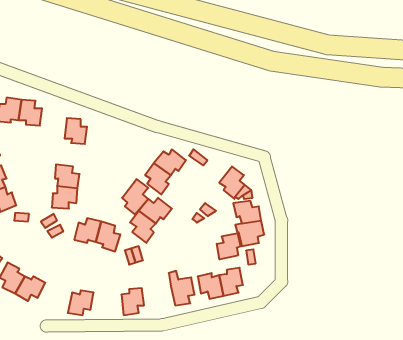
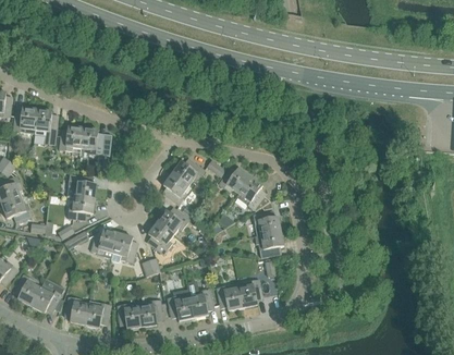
building: none -> [58,125,83,150]
building: none -> [218,168,250,193]
building: [122,179,148,215] -> none
building: [217,233,241,259] -> none
building: none -> [167,294,193,320]
building: none -> [64,296,88,325]
building: none -> [116,303,140,329]

